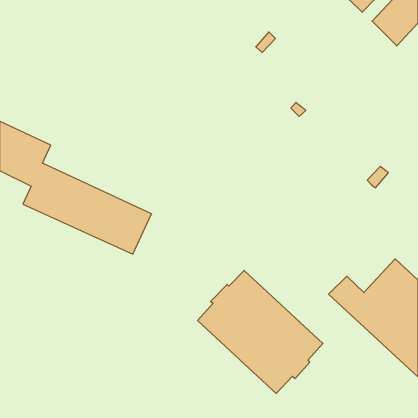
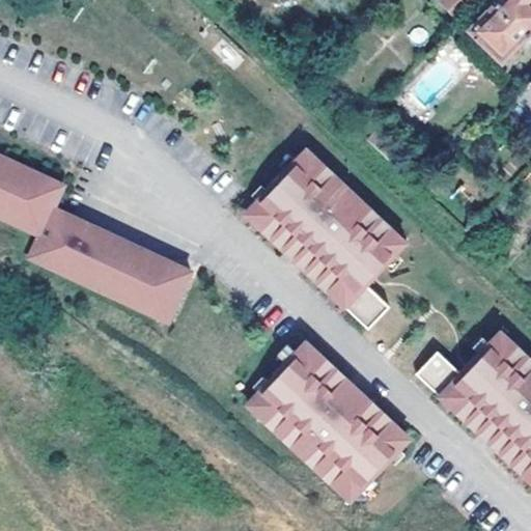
building: none -> [243,150,407,328]

